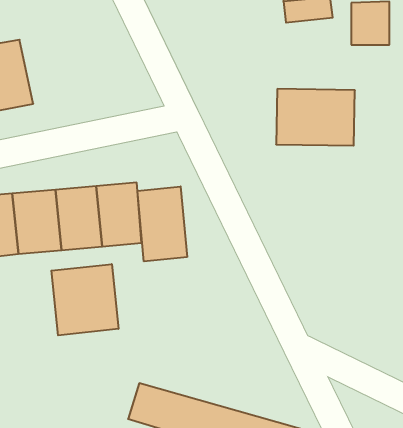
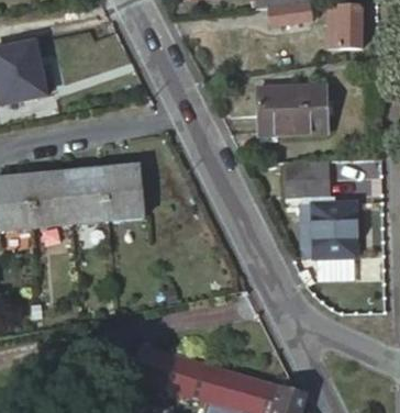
building: none -> [279,158,324,194]
building: [137,186,187,261] -> none
building: none -> [301,201,357,256]
building: [51,264,118,335] -> none

